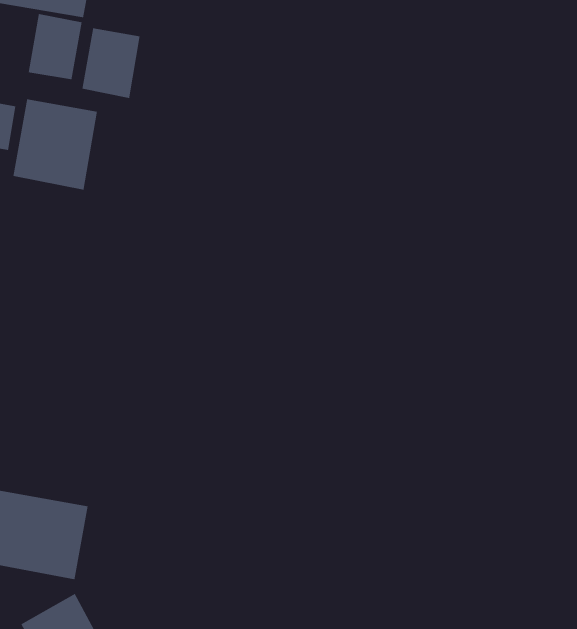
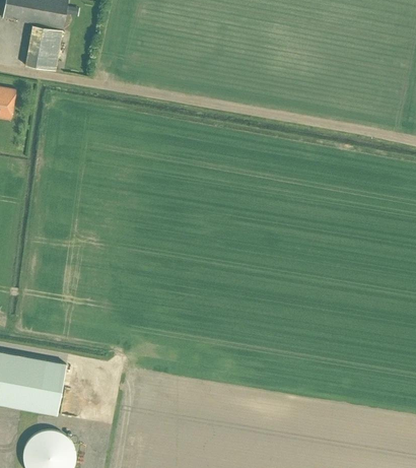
building: [82,28,140,99] -> none
building: [13,99,98,191] -> none

